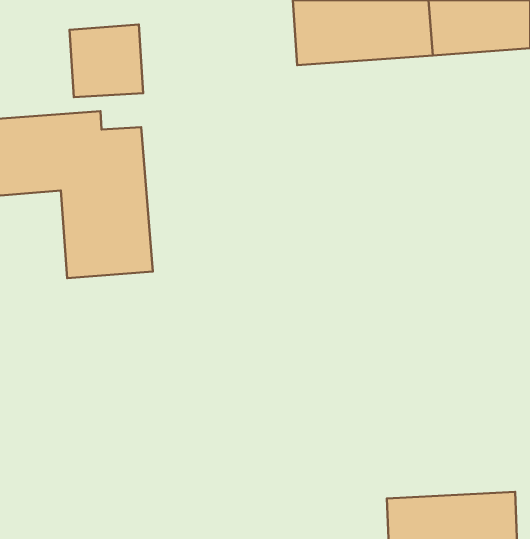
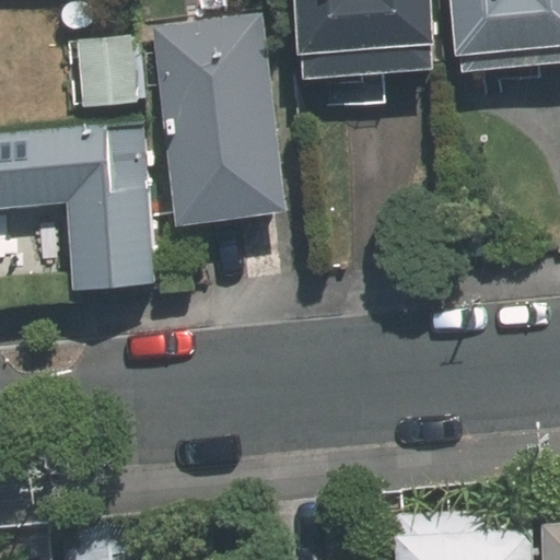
building: none -> [154,14,284,220]

